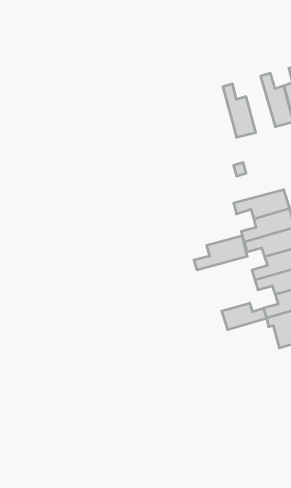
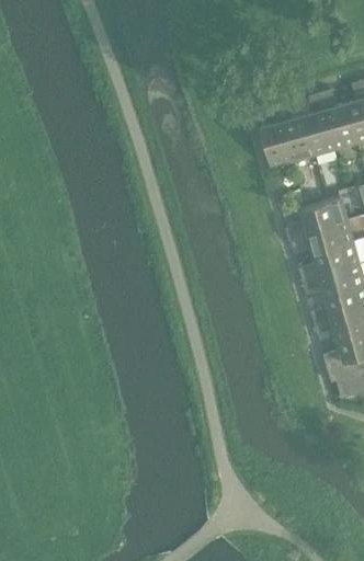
building: none -> [304,93,337,157]
building: none -> [259,105,293,169]
building: [194,236,247,270] -> [286,198,346,237]
building: [222,303,267,330] -> none

